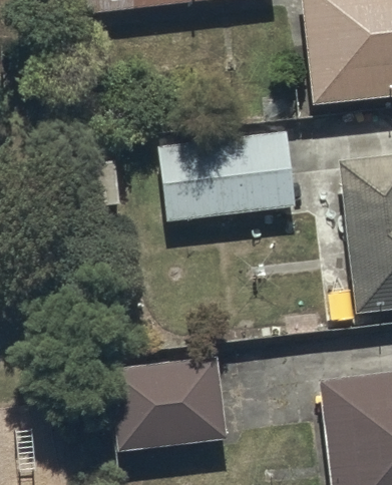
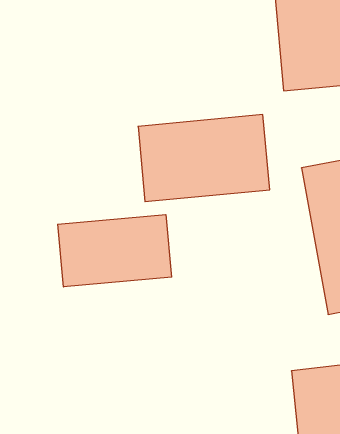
building: none -> [58,215,172,287]
building: [116,352,232,446] -> none

